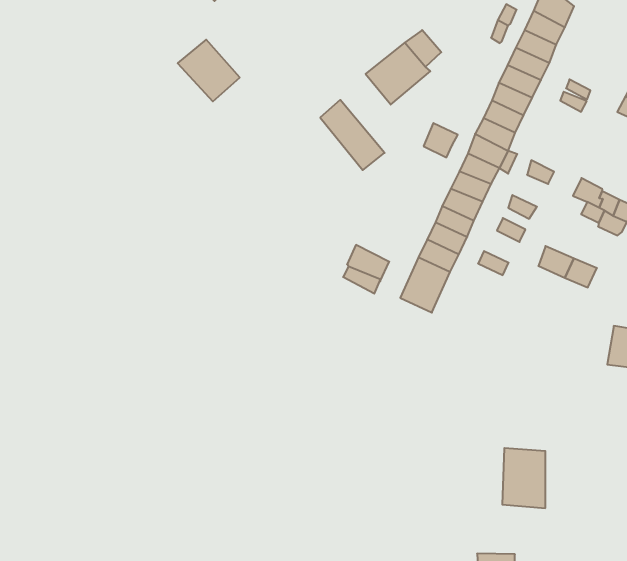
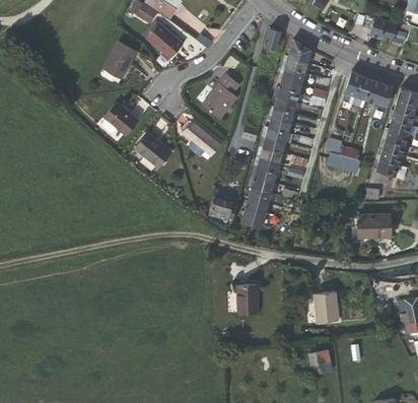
building: none -> [136,131,170,164]
building: none -> [235,281,257,311]

